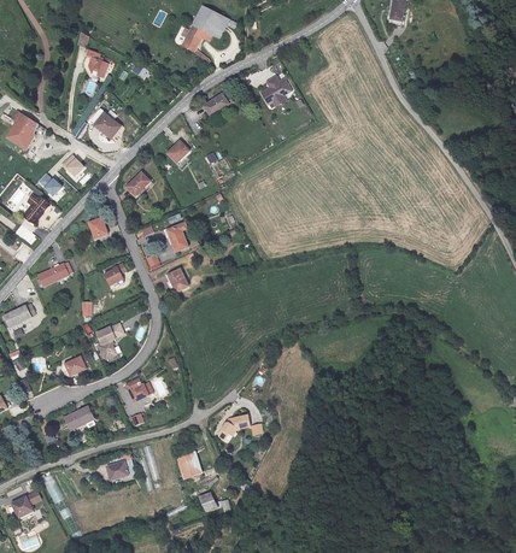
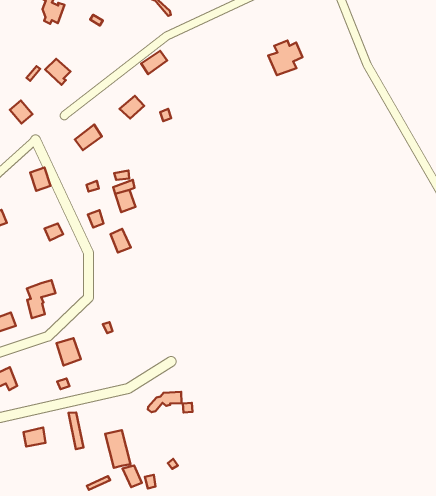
building: [260,75,293,108] -> [268,40,303,75]

